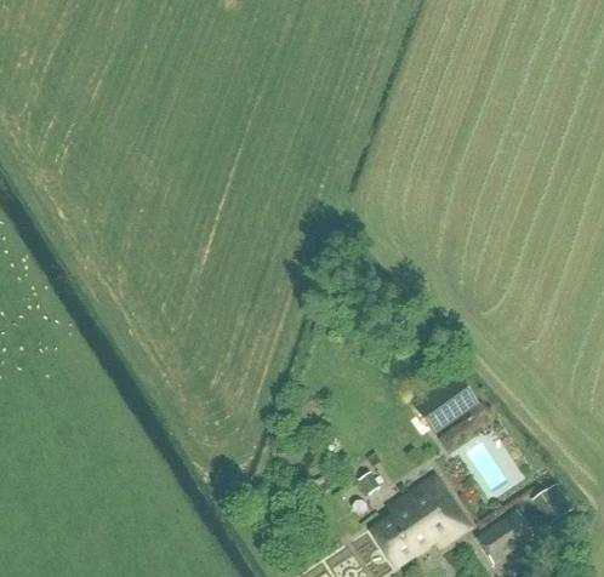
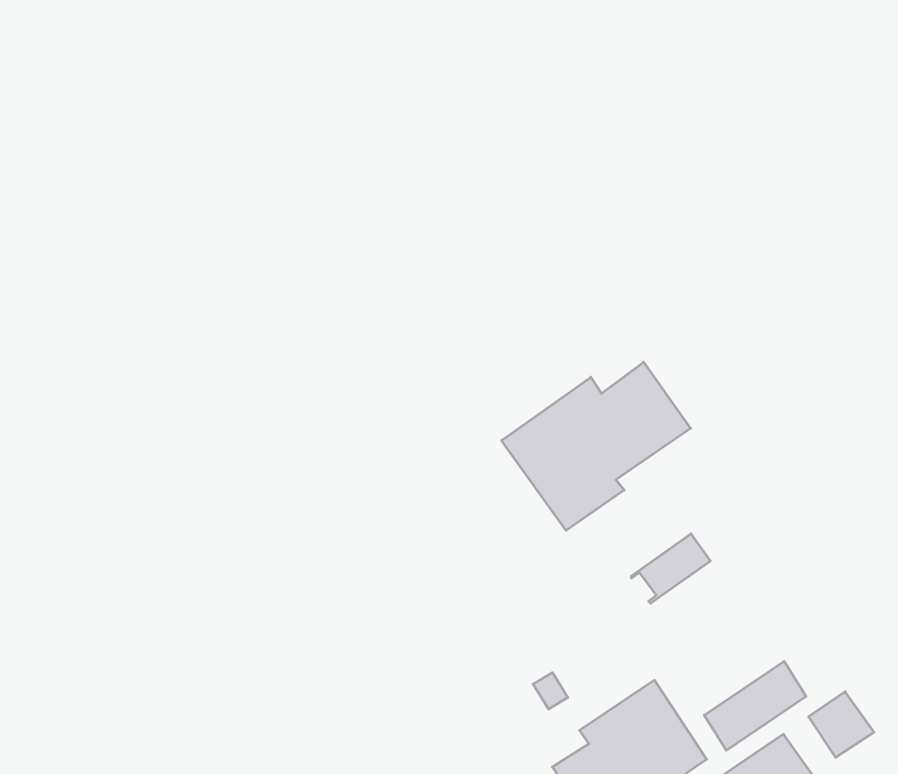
building: none -> [502,362,691,530]
building: none -> [704,661,806,750]

